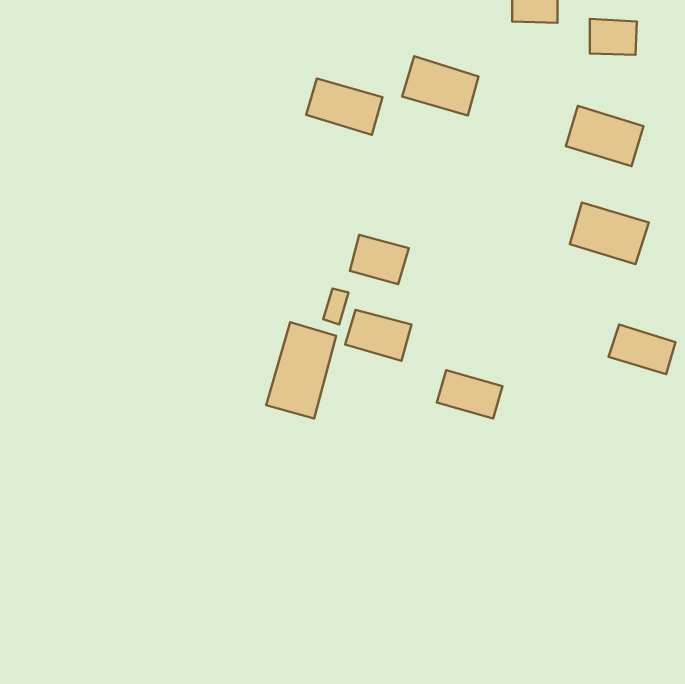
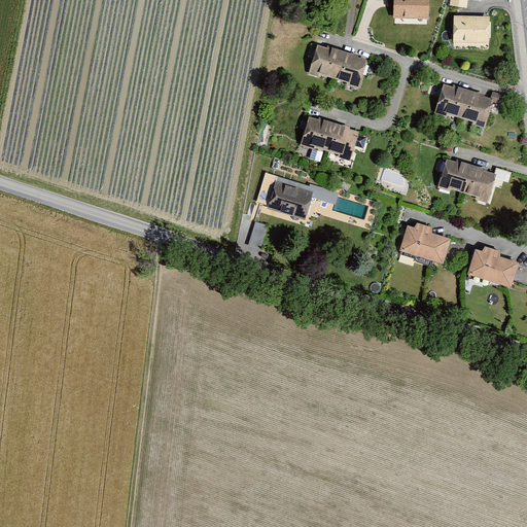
building: [306,79,383,135] -> [301,116,359,160]
building: [345,310,411,361] -> none
building: [266,322,336,419] -> none
building: [437,370,503,418] -> [400,225,451,262]

